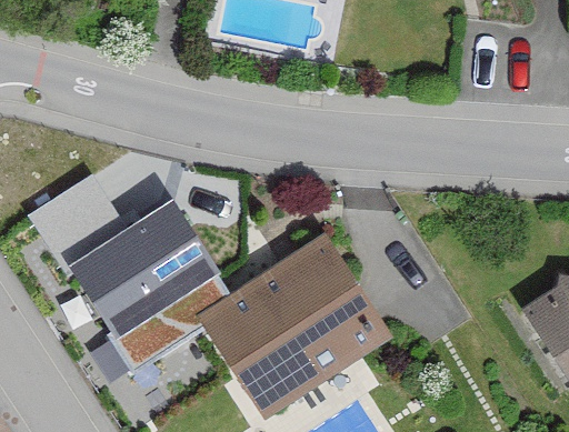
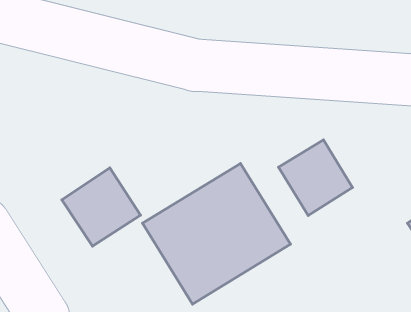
building: none -> [278,140,352,215]

